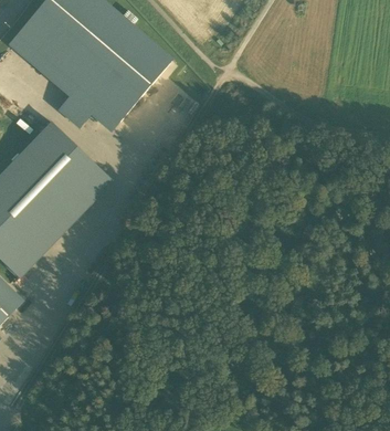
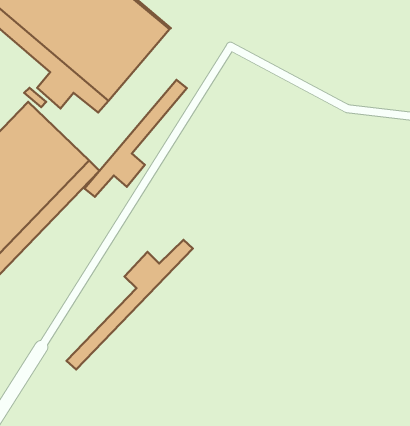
building: none -> [84,80,187,197]
building: none -> [67,240,193,370]

